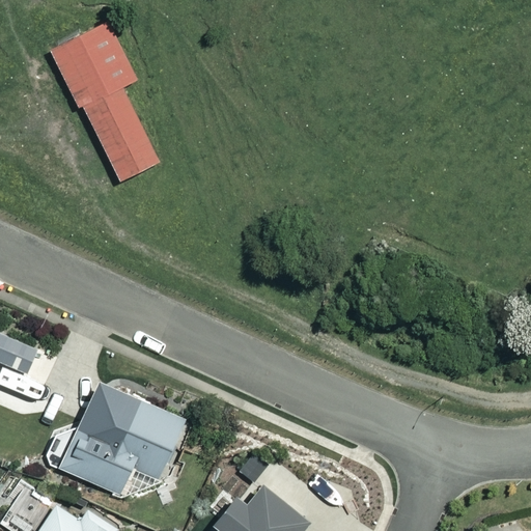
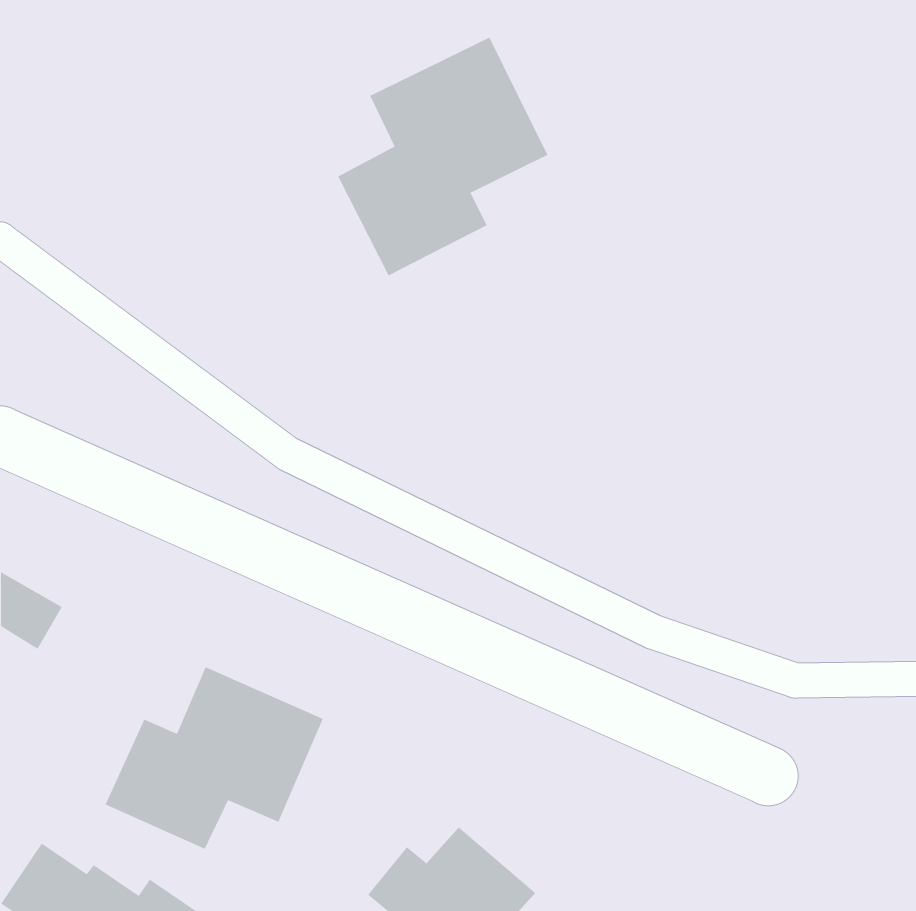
building: [49,22,156,186] -> none
building: none -> [337,37,549,277]

